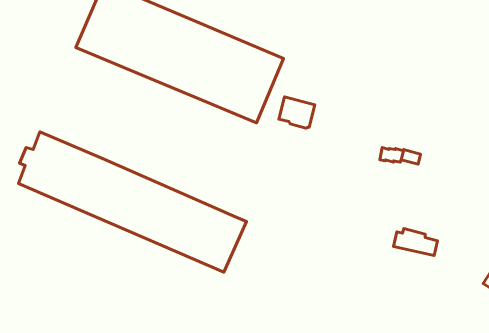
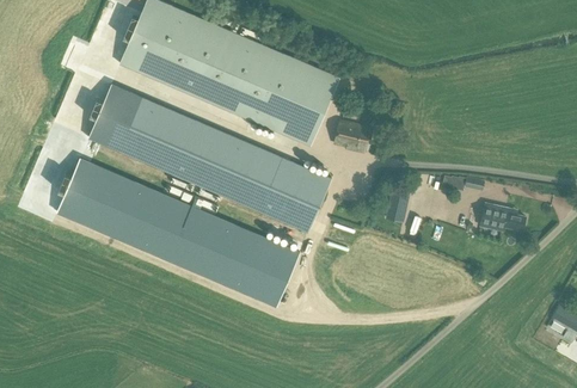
building: none -> [88,84,332,230]
building: [394,229,437,256] -> [479,202,526,230]

